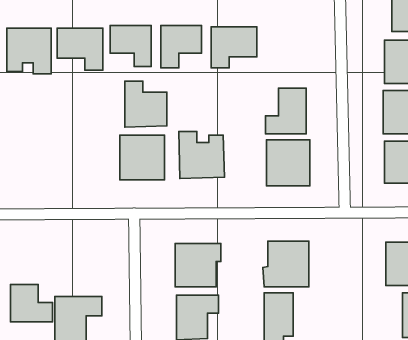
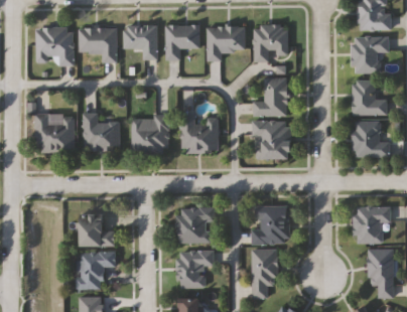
building: none -> [254,25,288,62]
building: [125,81,167,127] -> [84,113,119,151]
building: none -> [35,114,75,152]
building: [11,284,53,322] -> [80,215,115,247]

